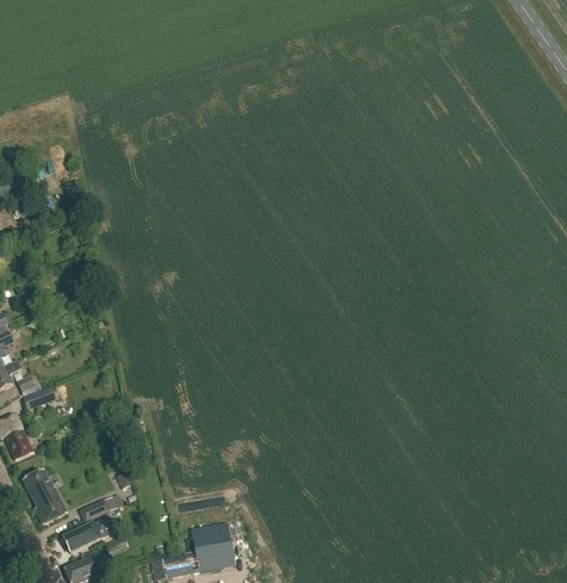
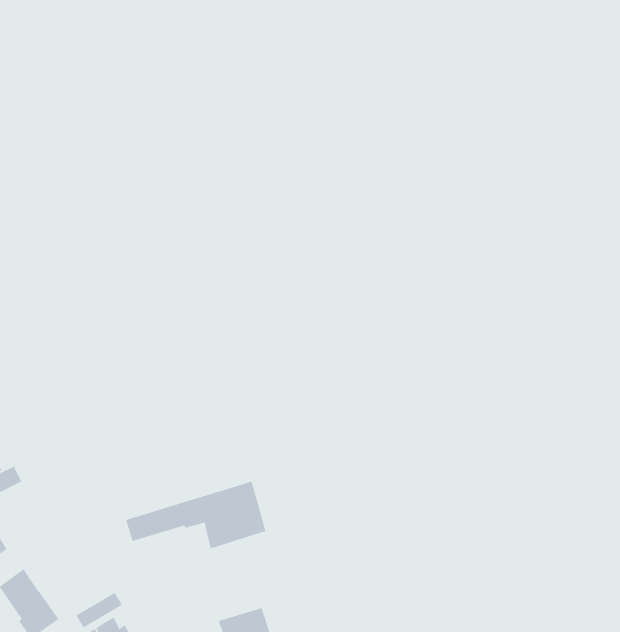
building: none -> [125,481,266,549]

